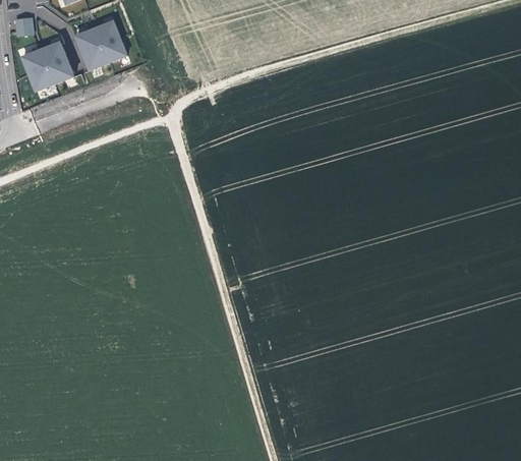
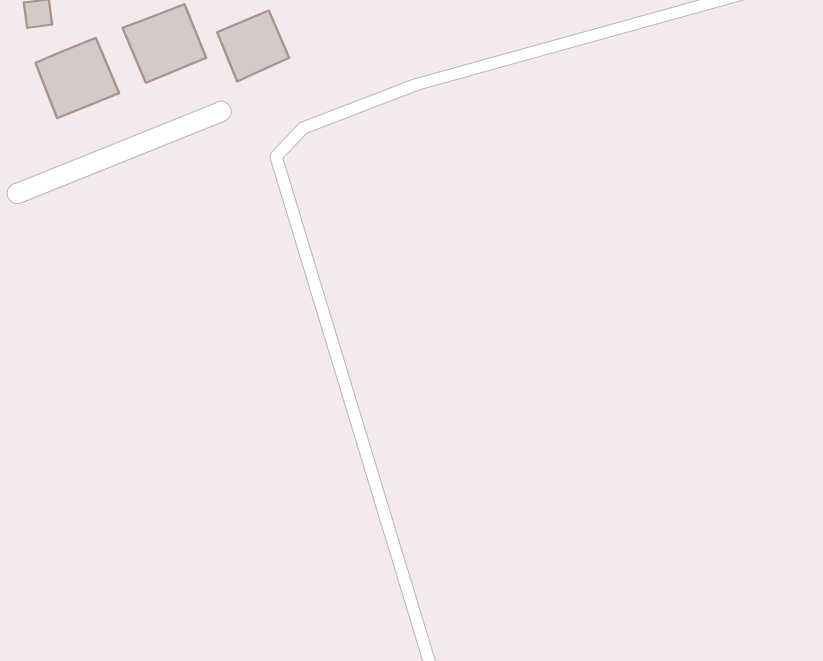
building: none -> [217,11,289,82]

